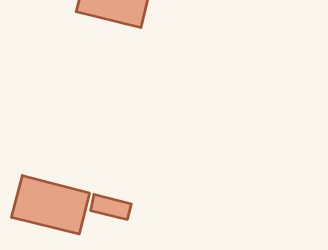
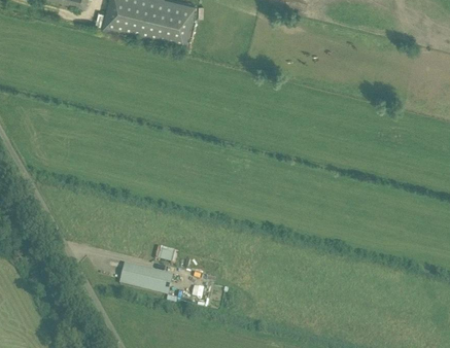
building: [12,175,89,234] -> none

